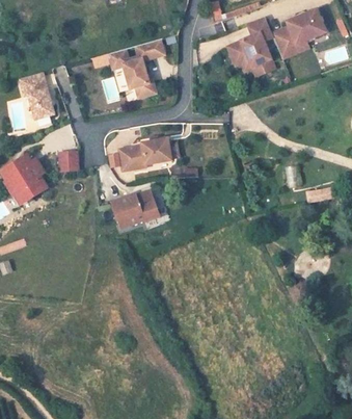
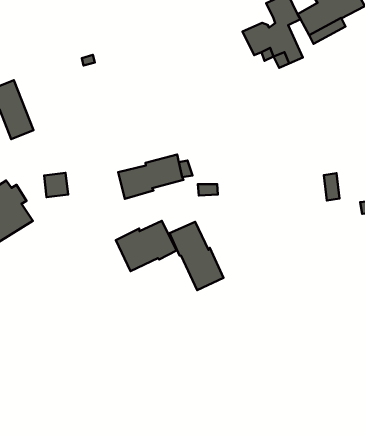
building: [105,36,161,96] -> none
building: none -> [170,222,223,290]

